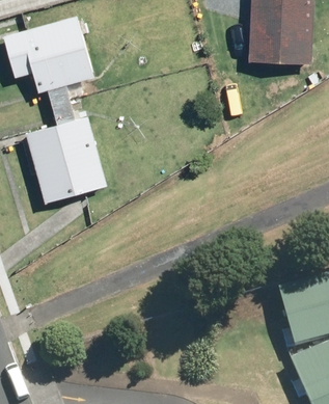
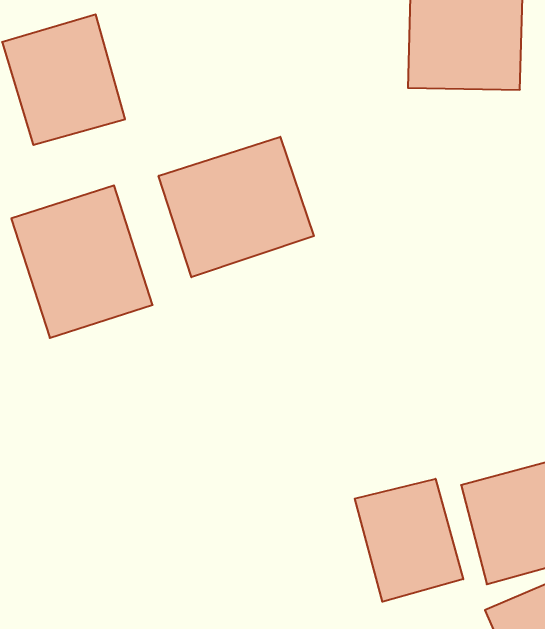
building: none -> [159,137,314,277]
building: none -> [355,479,463,602]

